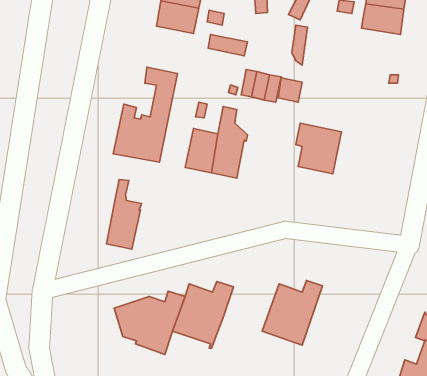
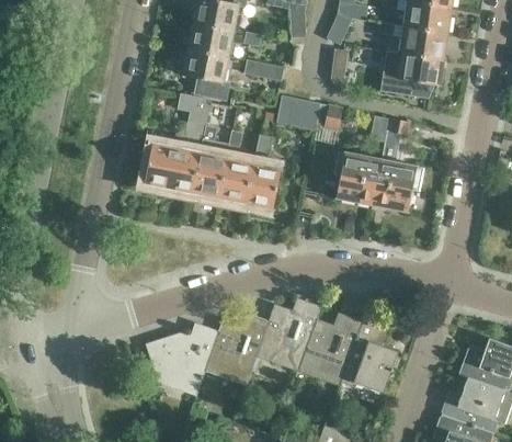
building: none -> [184,50,228,100]
building: none -> [378,50,443,98]
building: none -> [373,118,423,211]
building: [107,179,141,249] -> [193,125,229,197]
building: none -> [259,302,321,367]
building: none -> [341,310,398,392]

